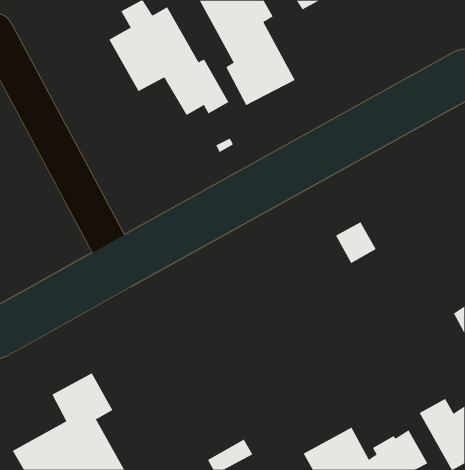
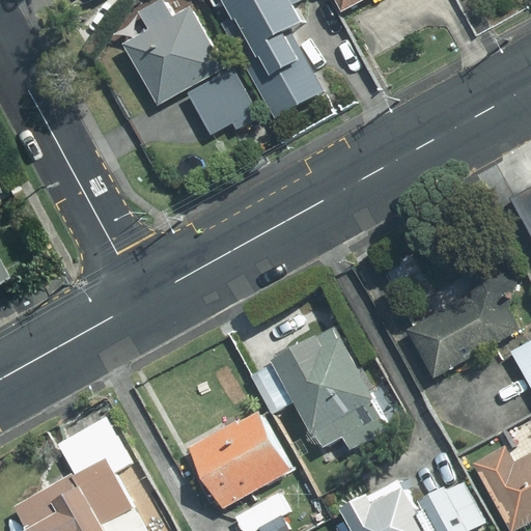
building: none -> [408,267,518,376]
building: none -> [251,331,386,450]
building: none -> [189,414,287,508]

